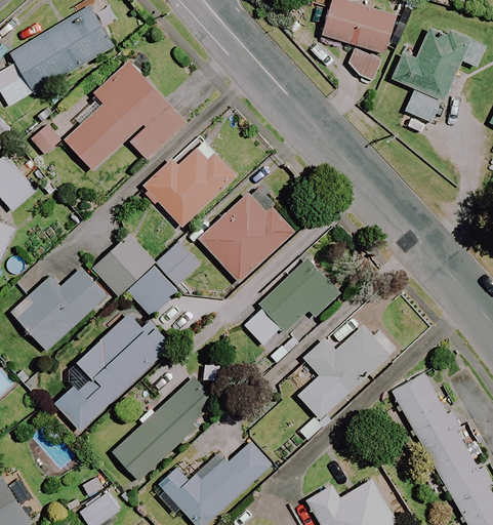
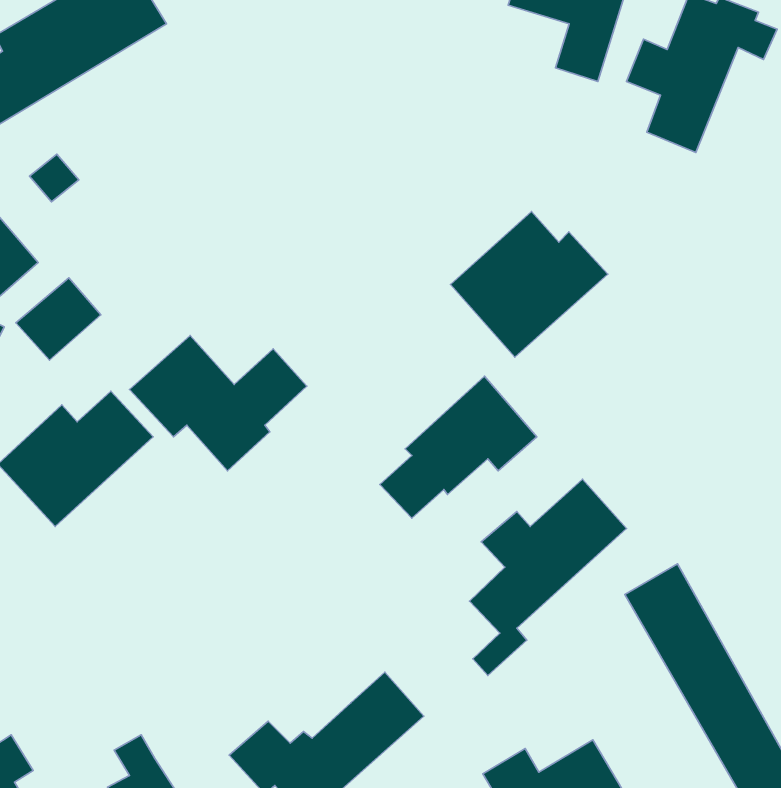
building: [65,63,183,171] -> none
building: [143,148,236,228] -> none
building: [199,194,294,282] -> [450,212,608,357]
building: none -> [16,278,101,360]
building: [55,315,171,430] -> none
building: [111,377,218,480] -> none

